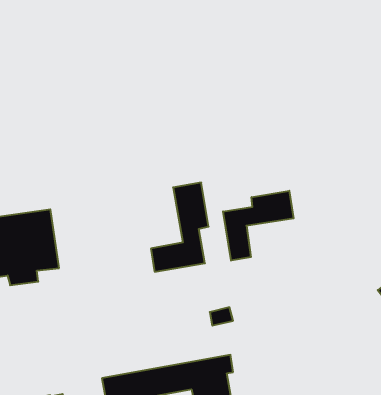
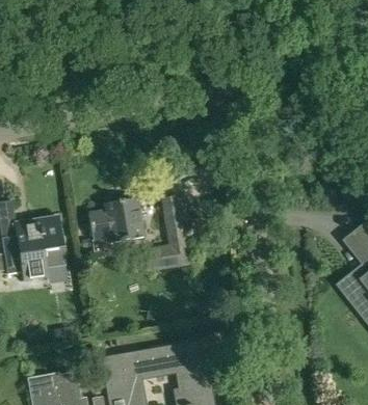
building: none -> [88,198,142,242]
building: [223,191,294,261] -> none

